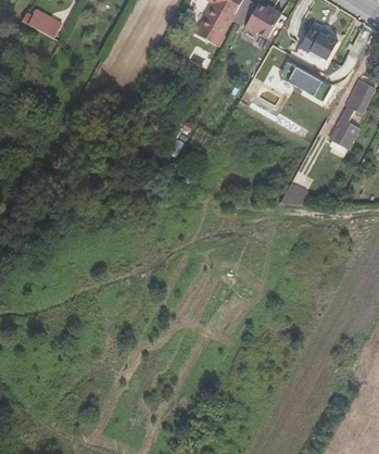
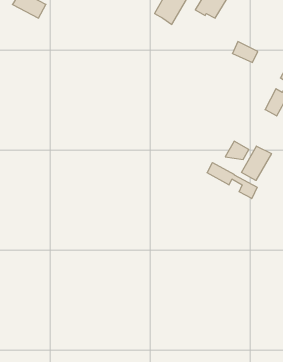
building: [302,25,339,59] -> none
building: none -> [242,146,271,180]
building: none -> [207,163,257,199]

